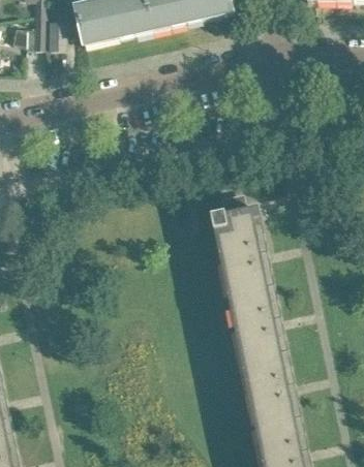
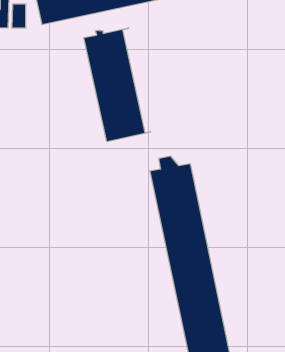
building: none -> [84,28,151,142]

